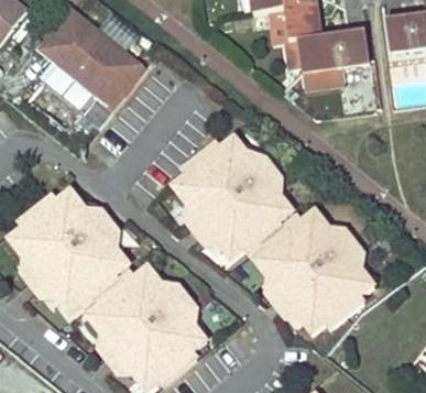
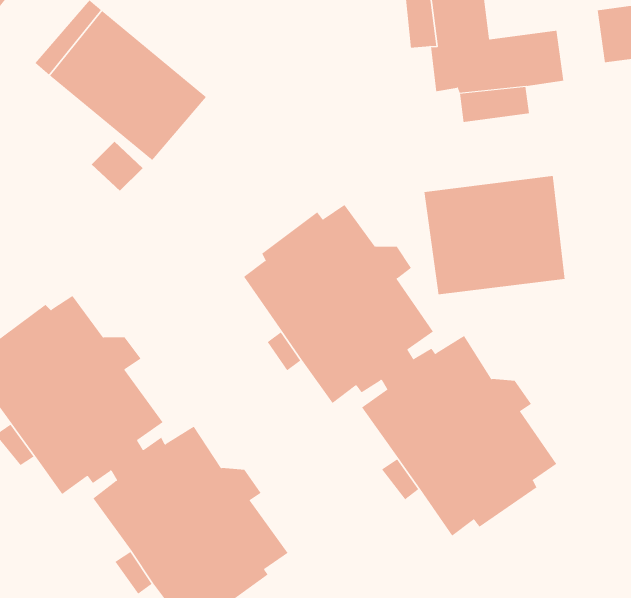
building: none -> [424,175,565,295]

